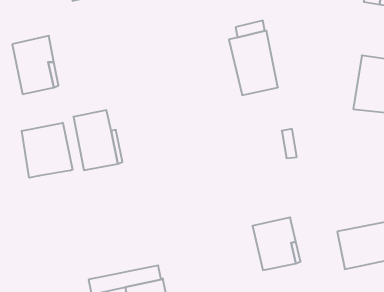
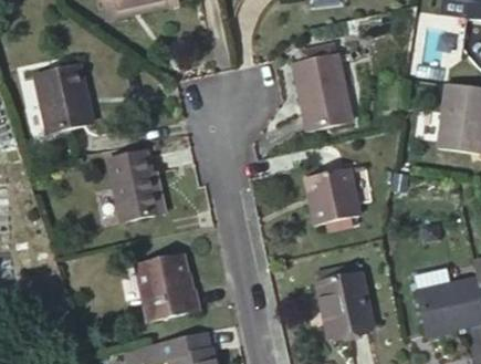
building: [22,123,73,178] -> none
building: none -> [305,174,359,230]
building: none -> [136,253,199,320]

